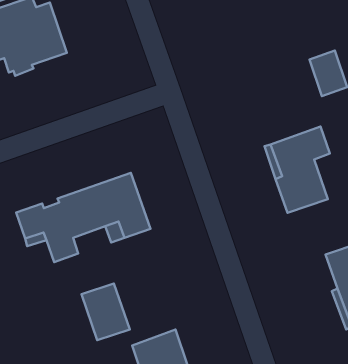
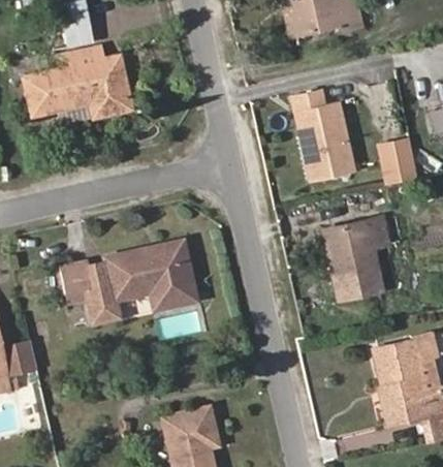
building: none -> [292,90,354,182]
building: [81,283,130,340] -> none

